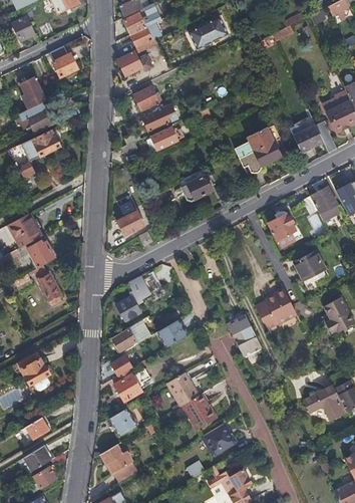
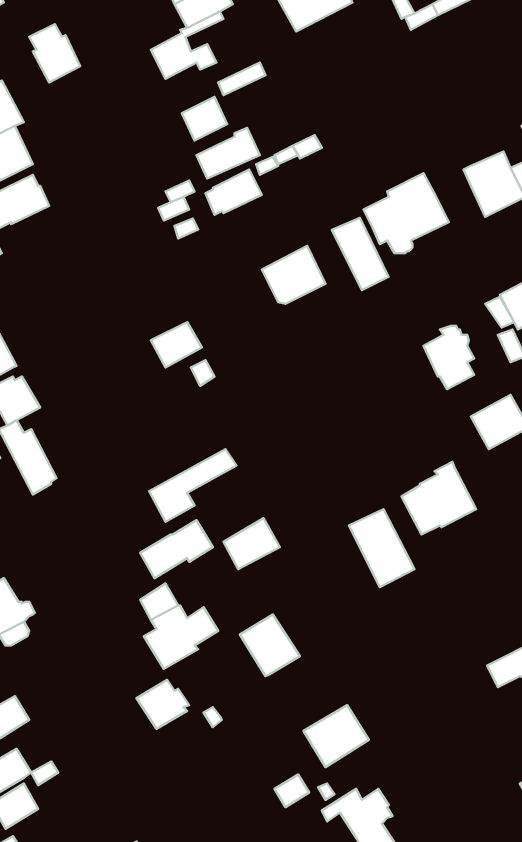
building: none -> [332,218,389,290]
building: [182,394,217,431] -> none
building: [99,444,136,483] -> none

